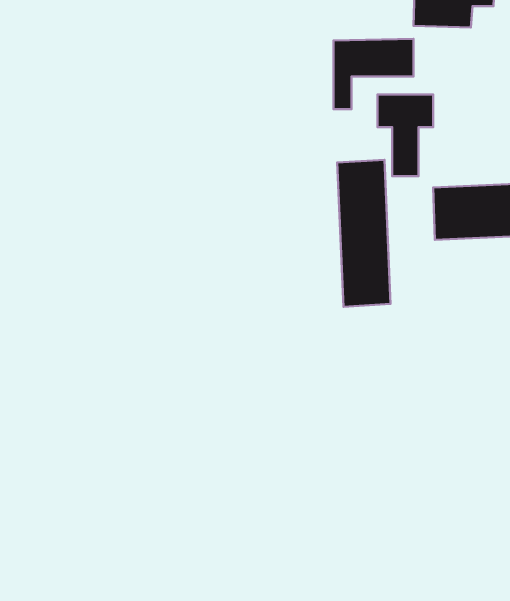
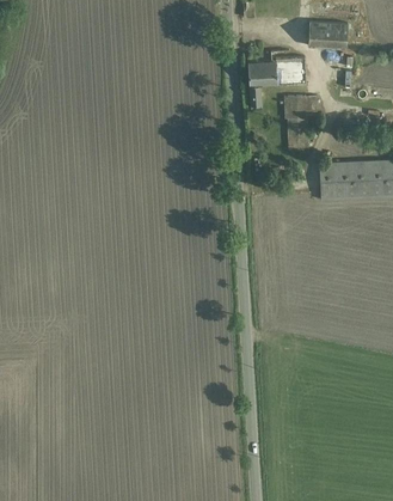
building: [337,160,391,307] -> none

